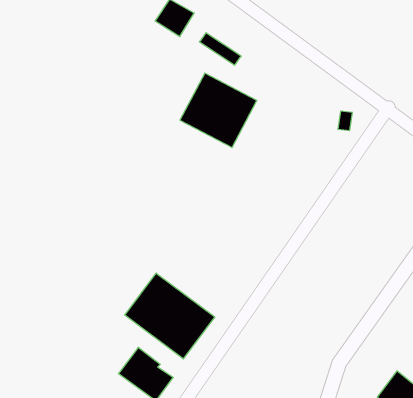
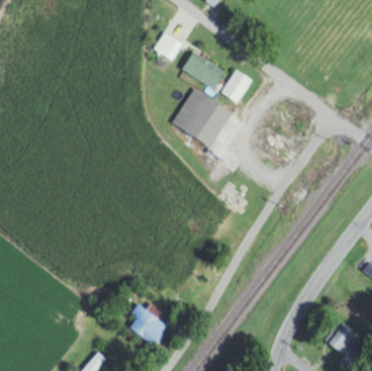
building: none -> [221,70,254,104]
building: [125,273,215,359] -> none

